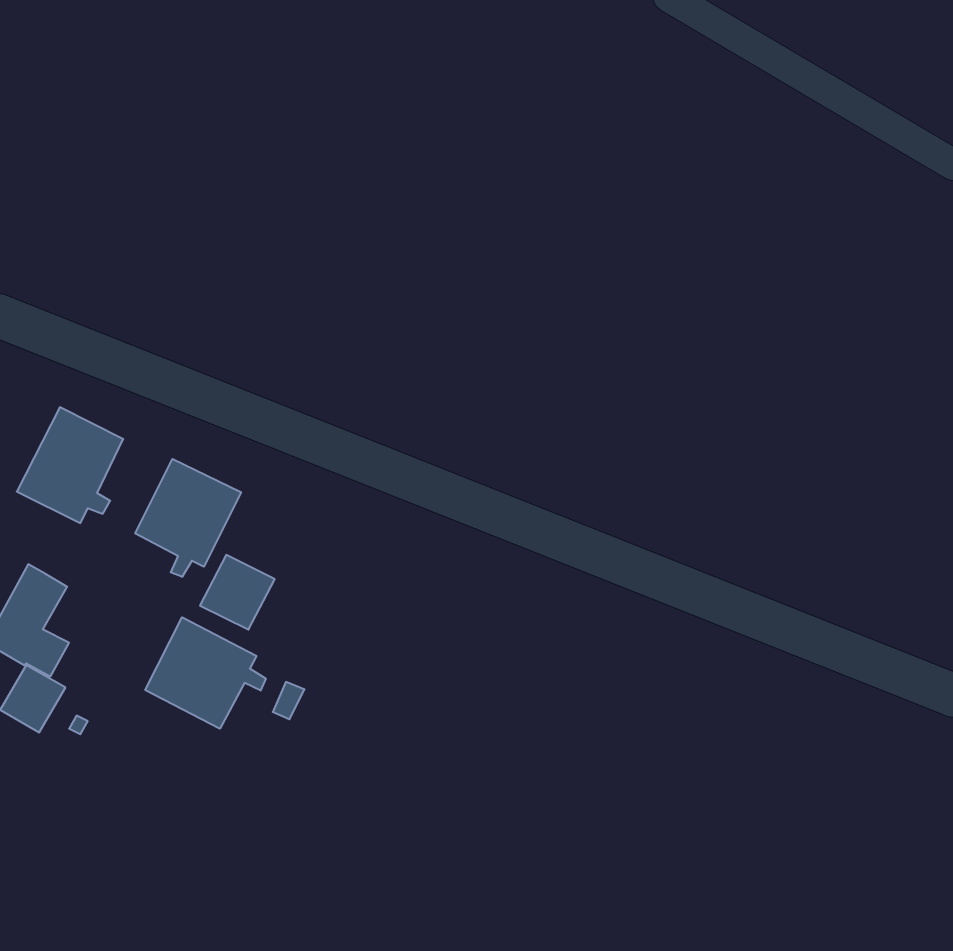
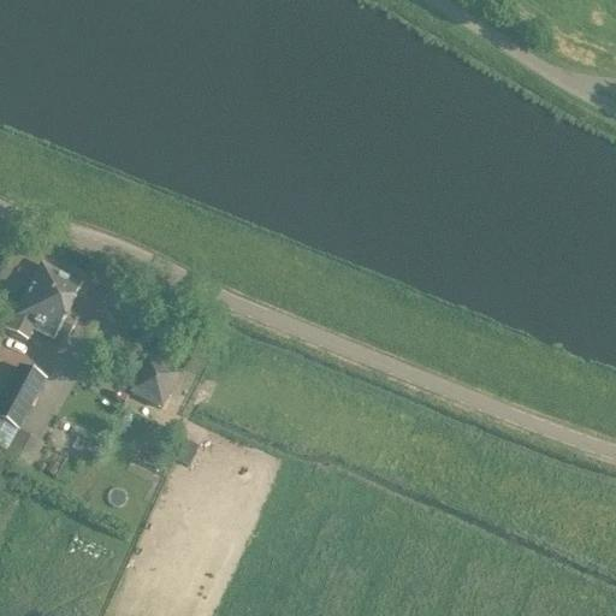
building: [135,459,241,577] -> none
building: [145,617,266,729] -> none

